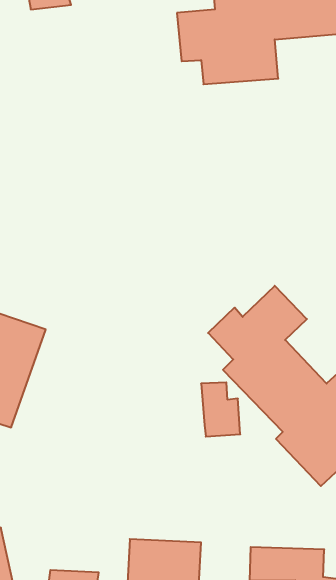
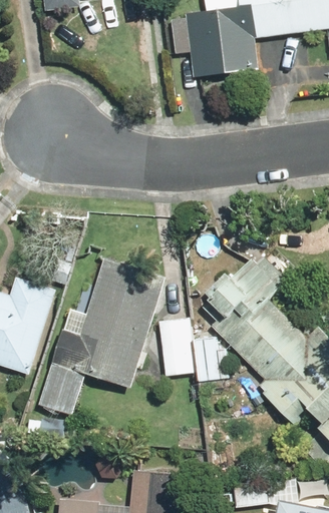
building: none -> [38,254,167,415]
building: none -> [160,320,195,376]

